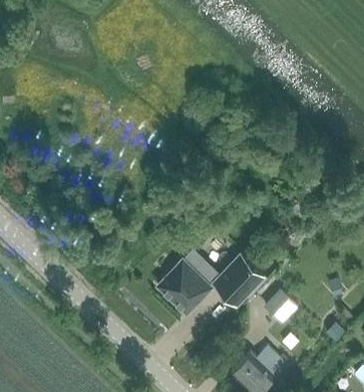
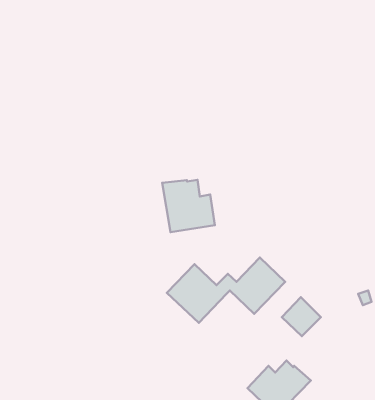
building: none -> [162,180,215,232]

